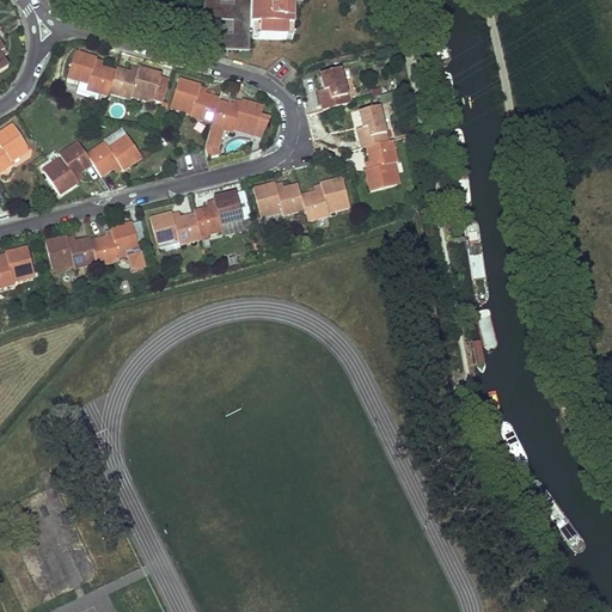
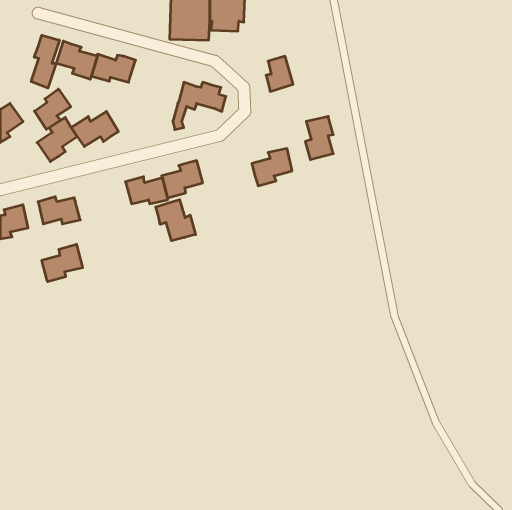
building: none -> [31,35,59,88]
building: [172,75,221,121] -> none
building: [356,105,387,146] -> none
building: none -> [34,89,71,129]
building: [253,182,305,214] -> none
building: [91,220,140,264] -> [42,244,83,282]
building: none -> [156,200,196,241]

